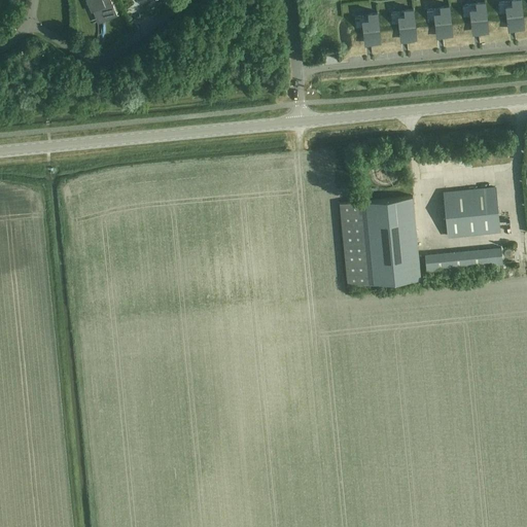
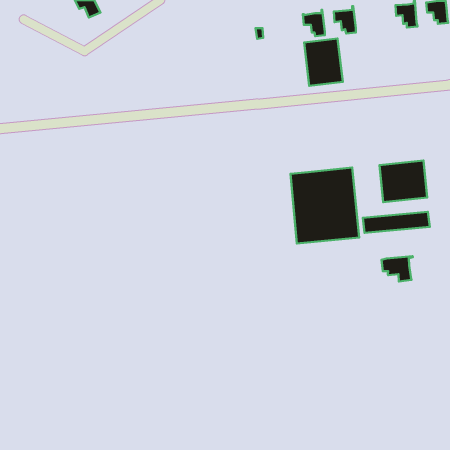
building: [426,5,452,36] -> none
building: none -> [304,39,343,86]
building: none -> [382,256,413,281]

